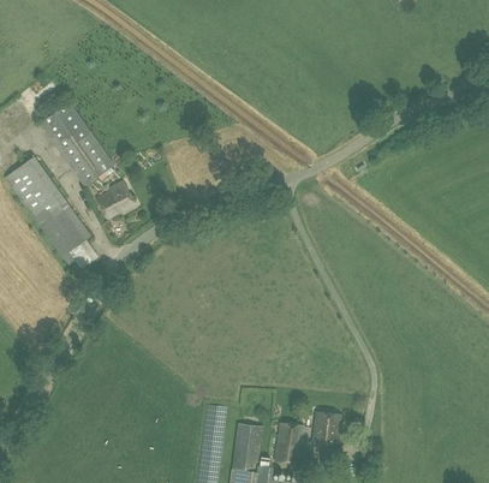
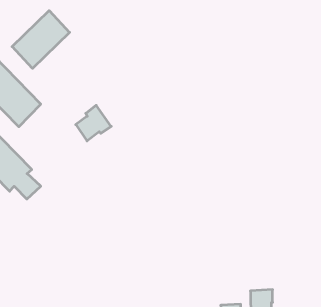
building: none -> [12,11,70,68]
building: [96,179,136,217] -> [76,105,111,141]

